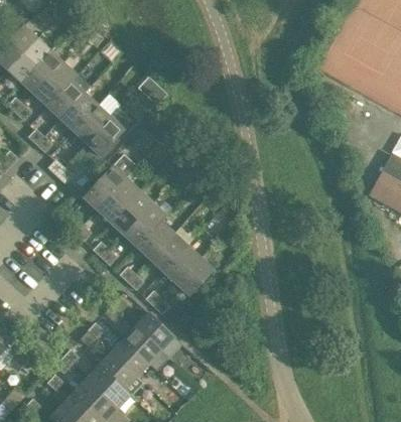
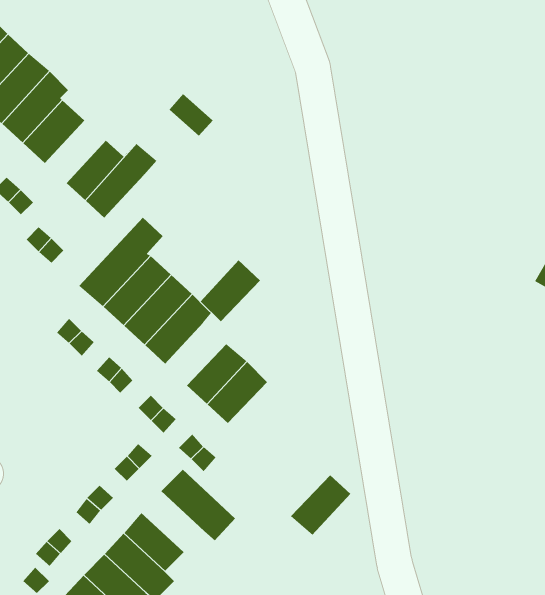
building: [60,94,99,133] -> none
building: [136,221,174,260] -> [200,260,261,322]
building: [175,258,214,296] -> [290,475,351,536]
building: [121,326,160,365] -> none

